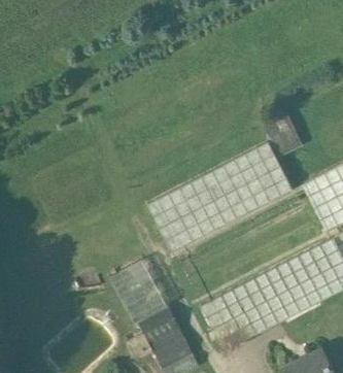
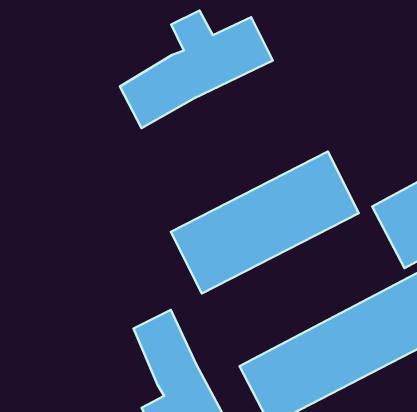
building: none -> [120,11,273,128]
building: [263,113,301,155] -> none

